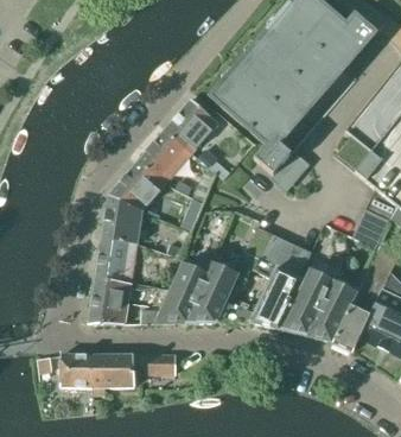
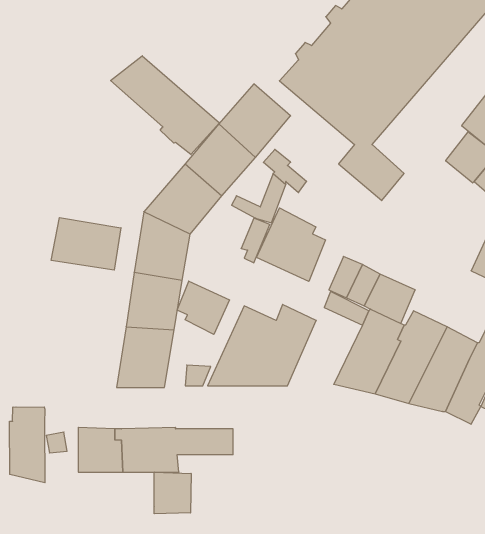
building: none -> [111,56,220,155]
building: none -> [257,208,326,281]
building: none -> [51,218,121,270]
building: none -> [177,281,230,334]
building: none -> [10,407,45,483]
building: none -> [154,472,191,514]

